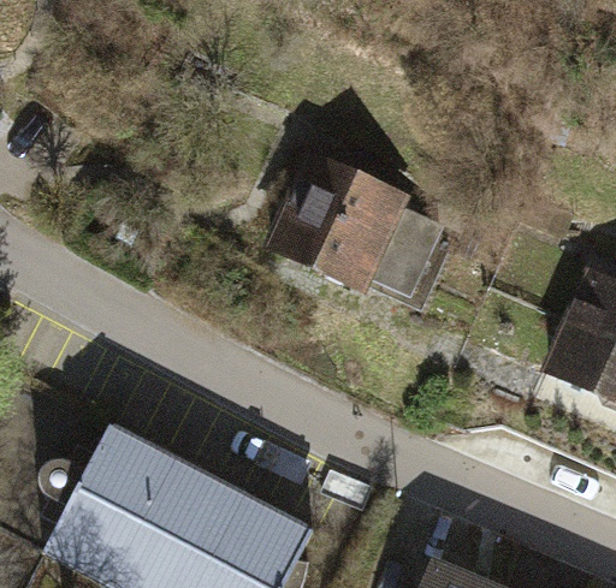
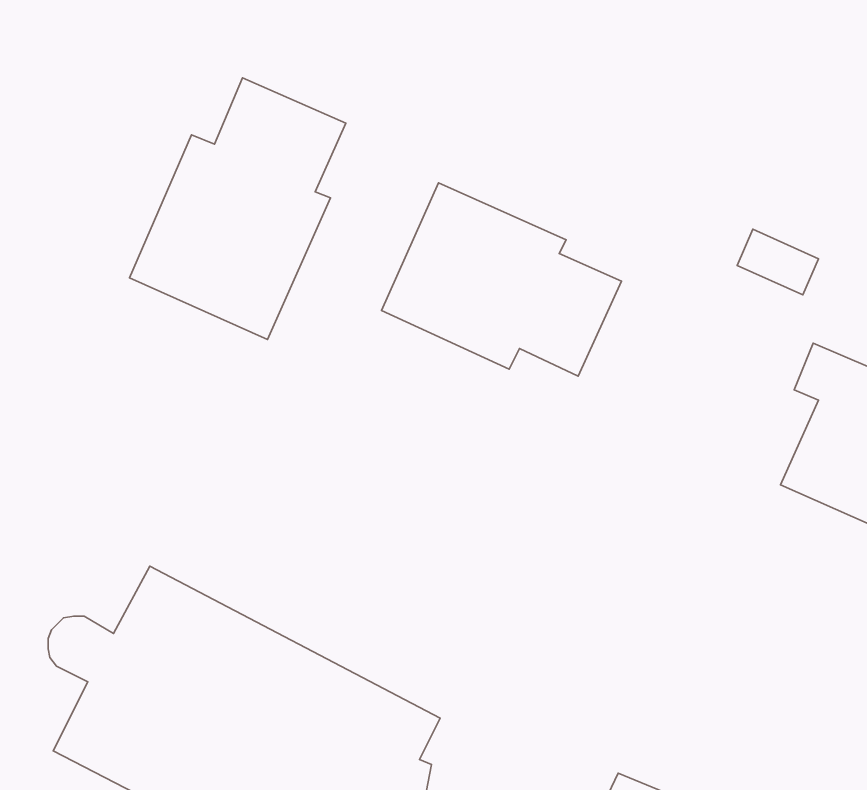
building: none -> [129,78,346,339]

